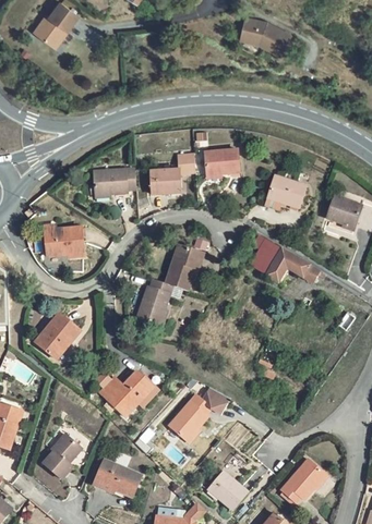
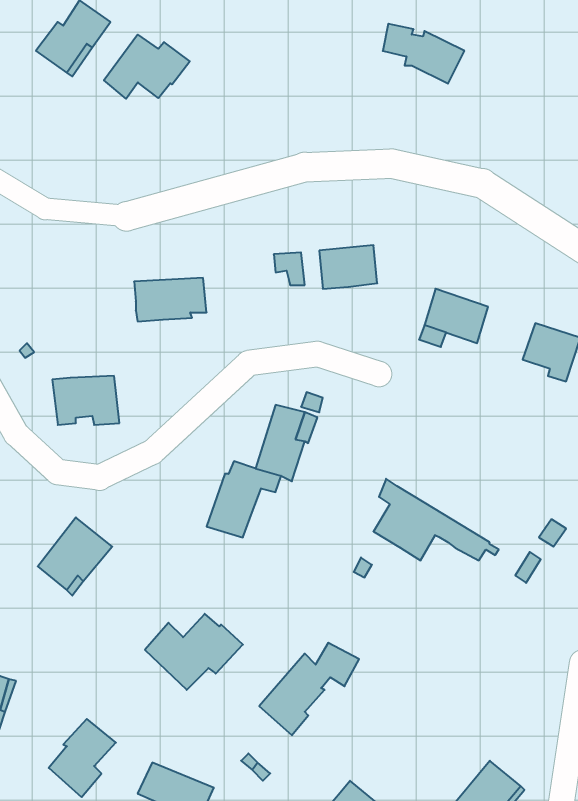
building: none -> [104,35,190,99]
building: [149,169,181,195] -> none
building: [250,234,325,283] -> [373,479,499,560]

